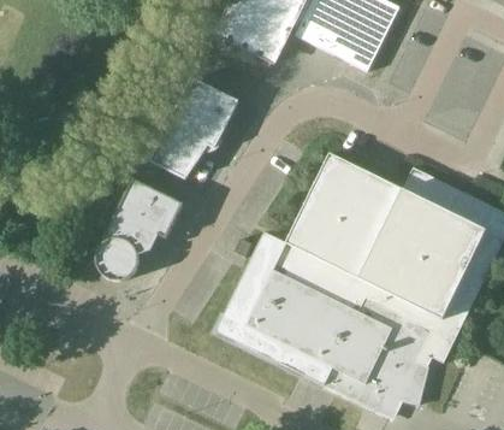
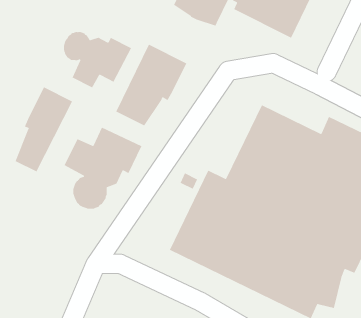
building: none -> [63,31,132,88]
building: none -> [15,86,73,173]

